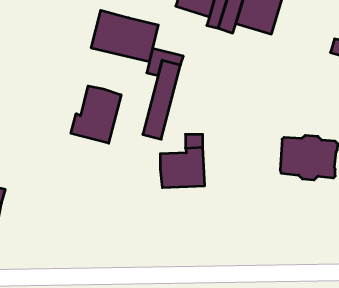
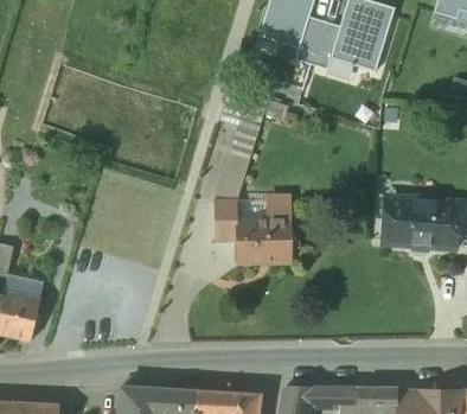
building: [91,10,158,62] -> none
building: [71,86,121,143] -> none
building: none -> [213,199,238,237]

